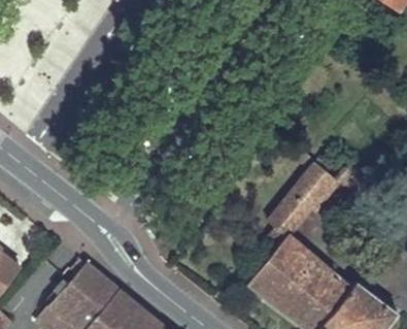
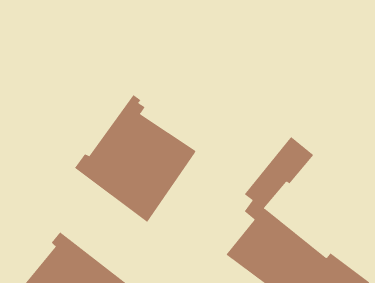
building: none -> [74,94,196,223]

